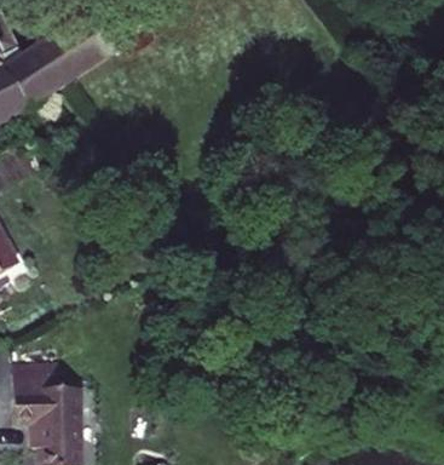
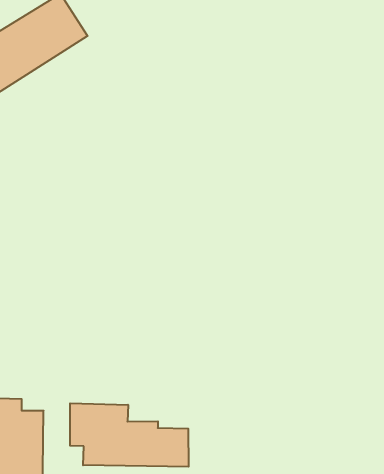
building: none -> [70,403,189,467]

